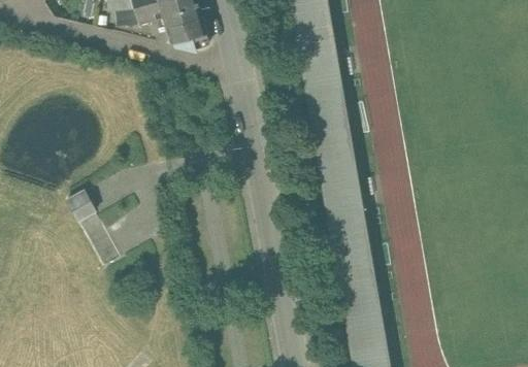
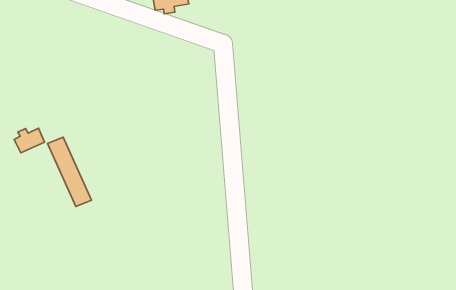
building: none -> [14,128,45,153]

